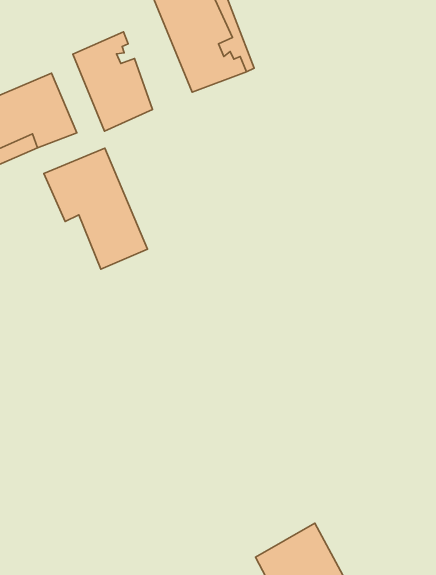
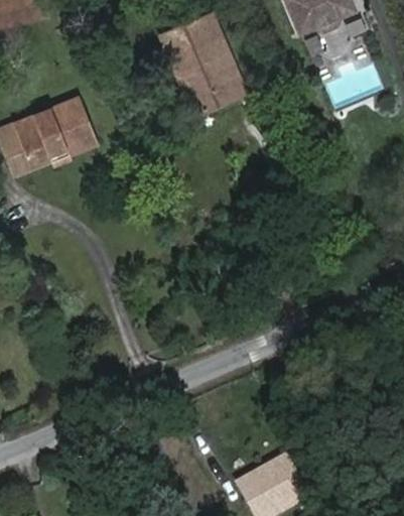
building: [73,32,152,131] -> none
building: [44,148,148,269] -> none

